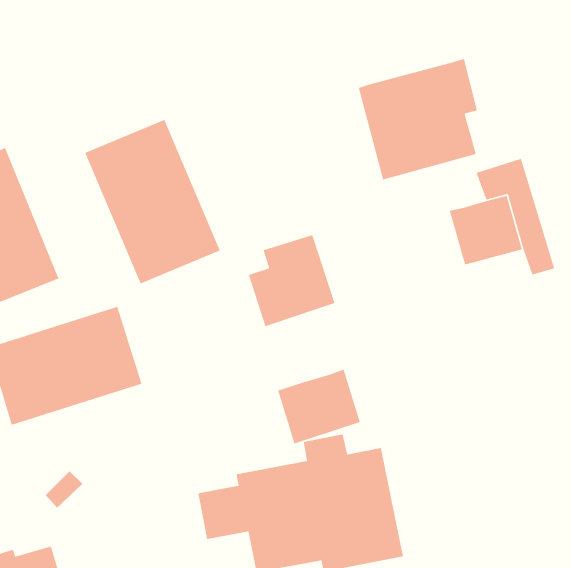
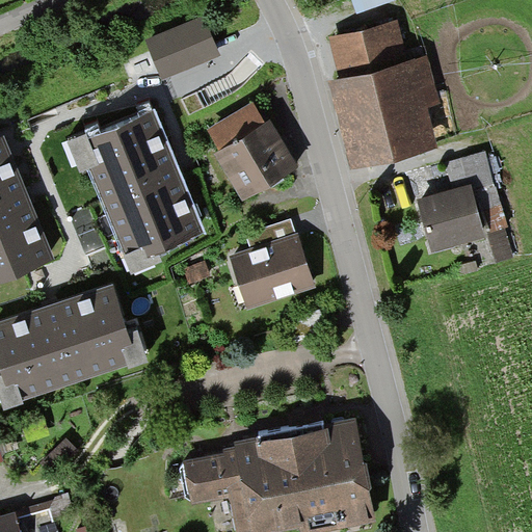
building: none -> [144,18,216,79]
building: none -> [329,22,411,82]
building: none -> [207,102,297,197]
building: [277,368,361,444] -> none

